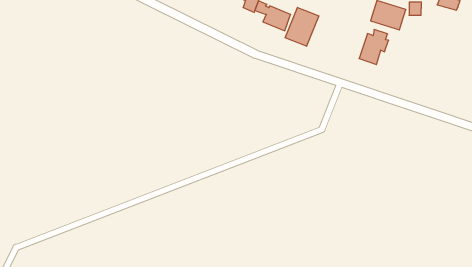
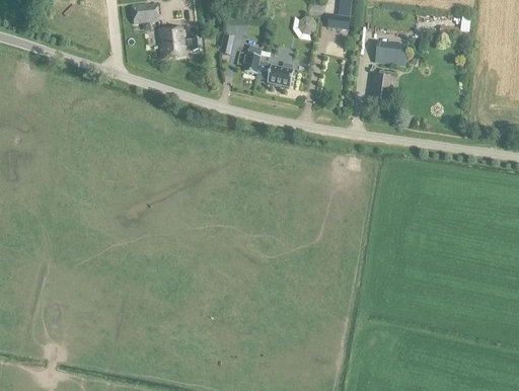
building: [285,7,319,46] -> none

